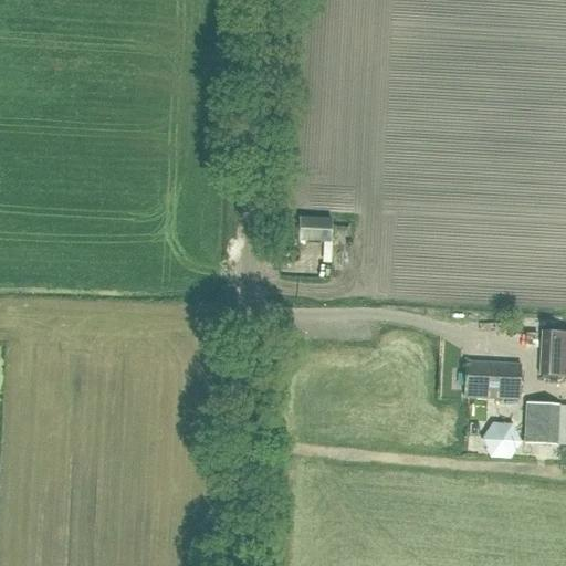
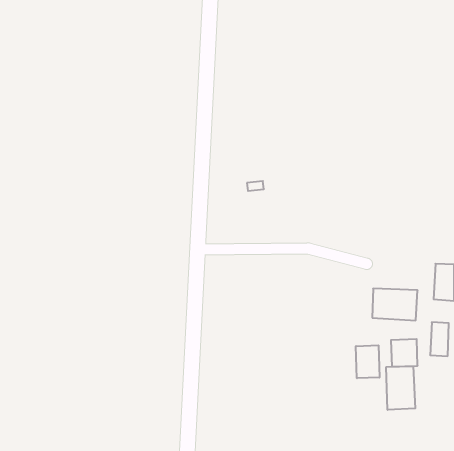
building: none -> [356,345,379,378]
building: none -> [386,366,415,410]

